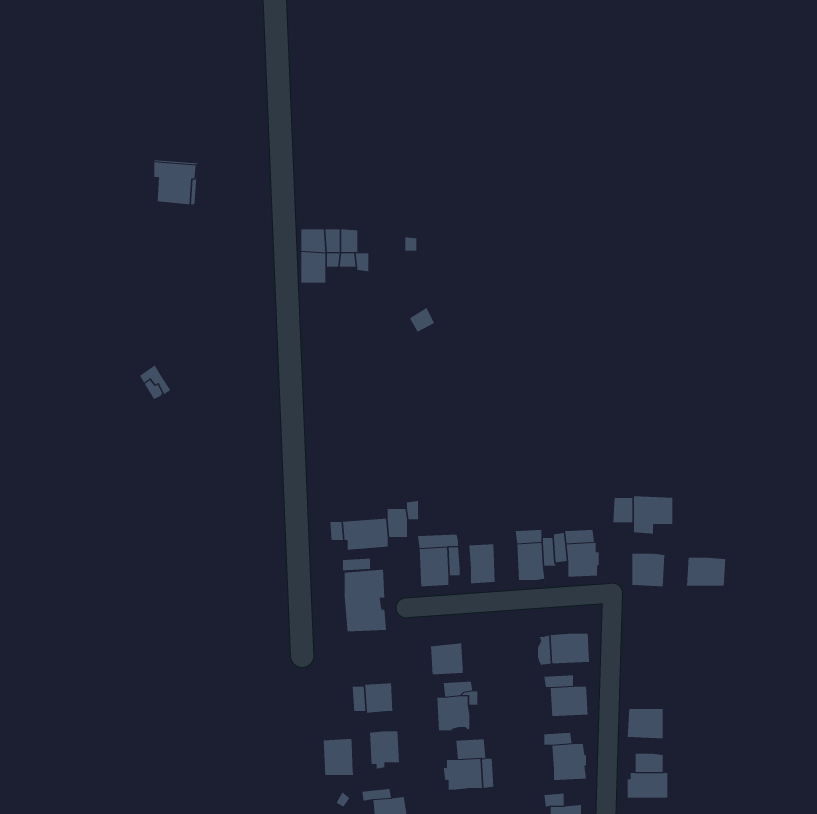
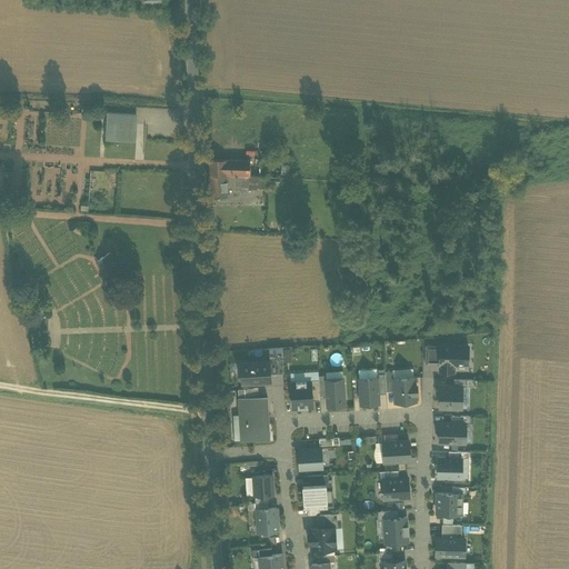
building: [686,557,726,586] -> [438,423,466,443]
building: none -> [437,459,461,480]
building: [323,738,354,776] -> none

